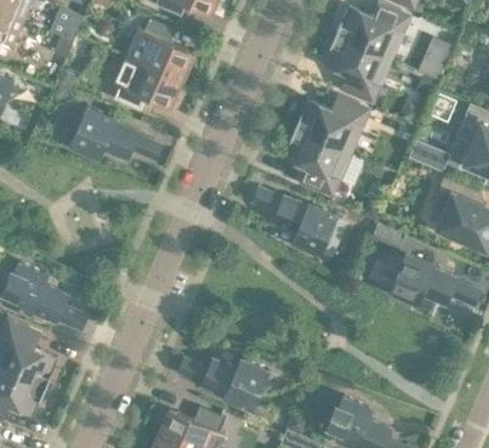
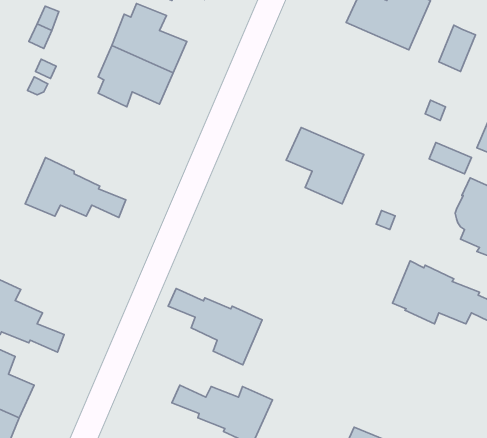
building: [323,35,391,103] -> none
building: [295,95,370,153] -> none
building: [68,106,158,159] -> [25,158,126,217]
building: [254,188,337,256] -> [168,288,262,365]

